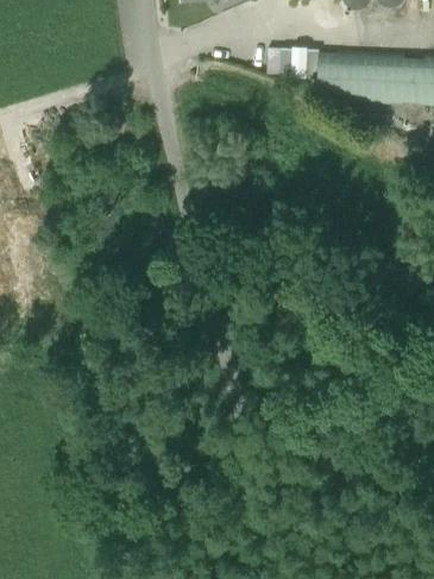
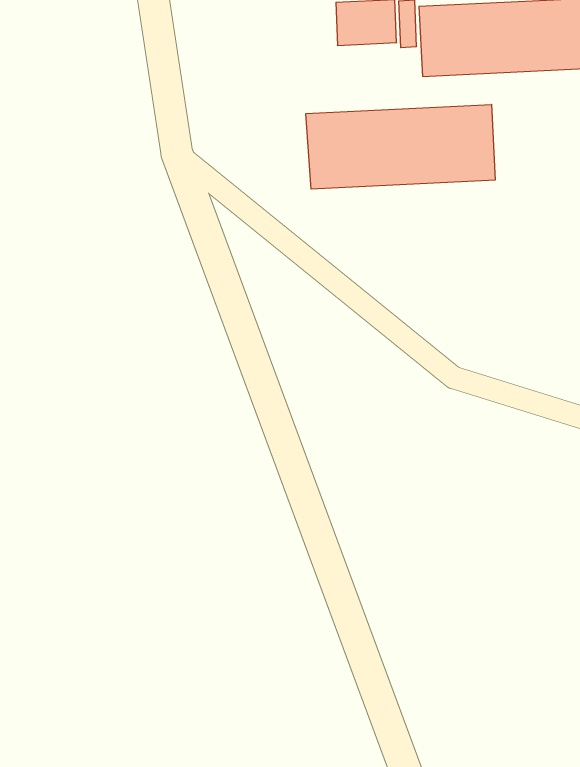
building: none -> [306,104,495,189]

